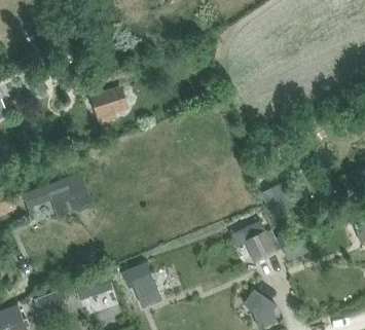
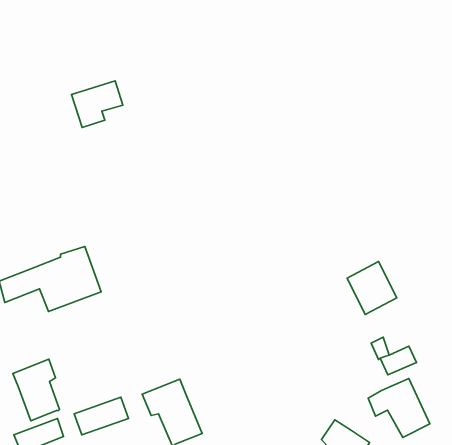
building: [93,88,127,120] -> [72,81,123,128]
building: [231,221,273,261] -> [368,379,430,437]
building: none -> [13,359,60,421]

